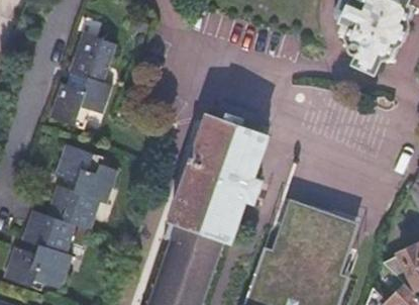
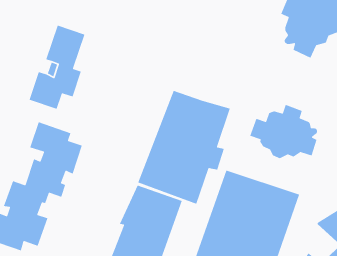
building: none -> [249,104,318,159]

